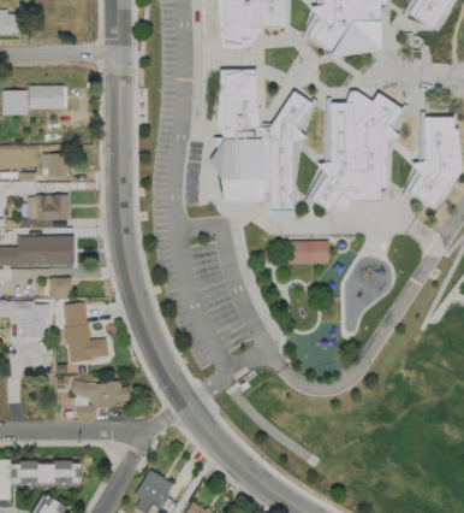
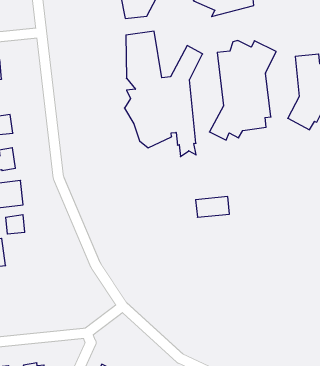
building: [288,241,328,263] -> [196,197,229,217]
building: [65,302,107,362] -> none
building: [71,381,129,419] -> none

